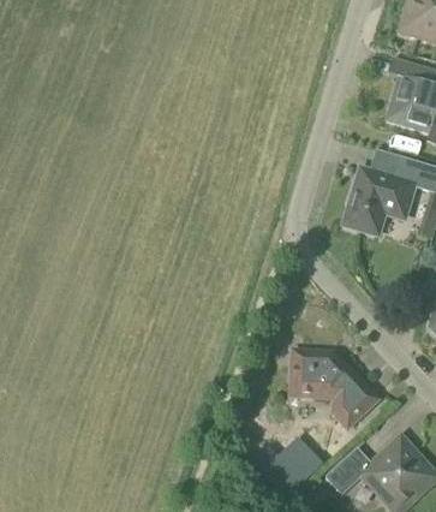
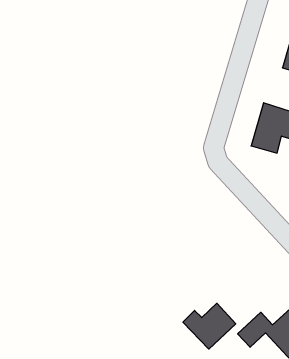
building: [291,351,377,427] -> none

